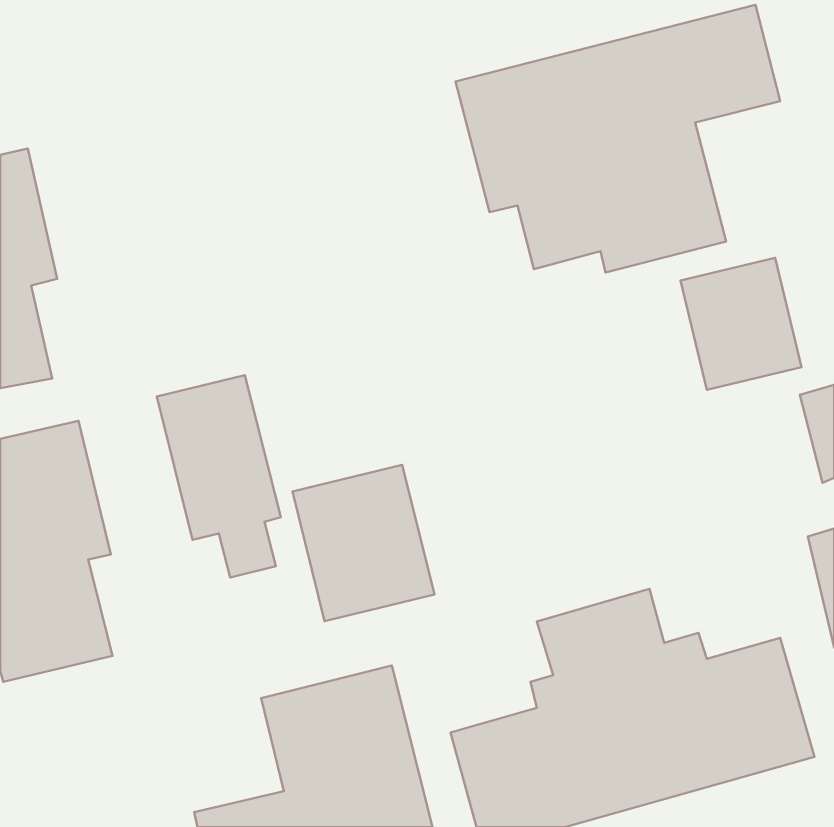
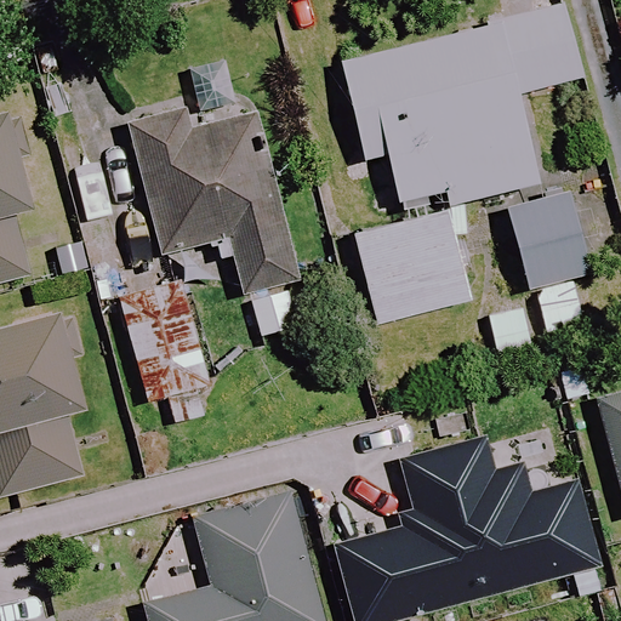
building: none -> [125,85,301,340]
building: none -> [354,209,466,320]
building: [292,465,434,621] -> none

